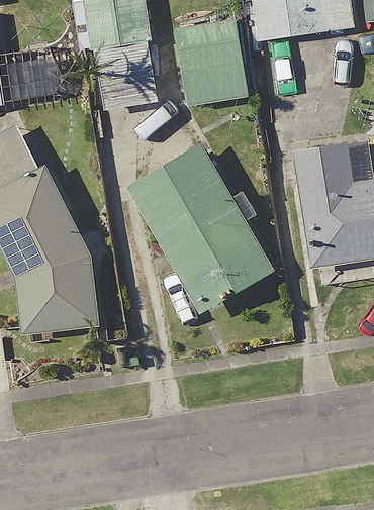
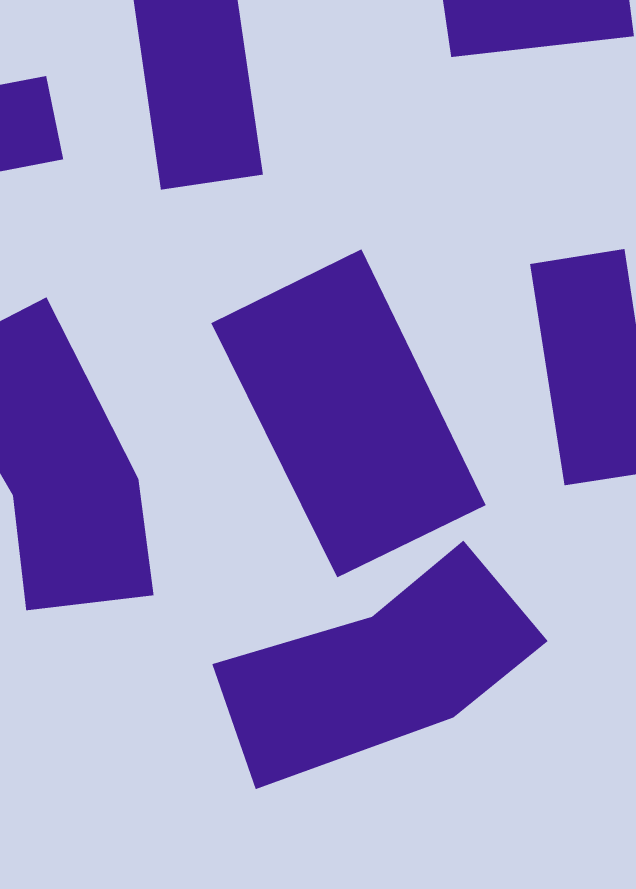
building: [173,16,245,105] -> none
building: none -> [211,539,549,790]

